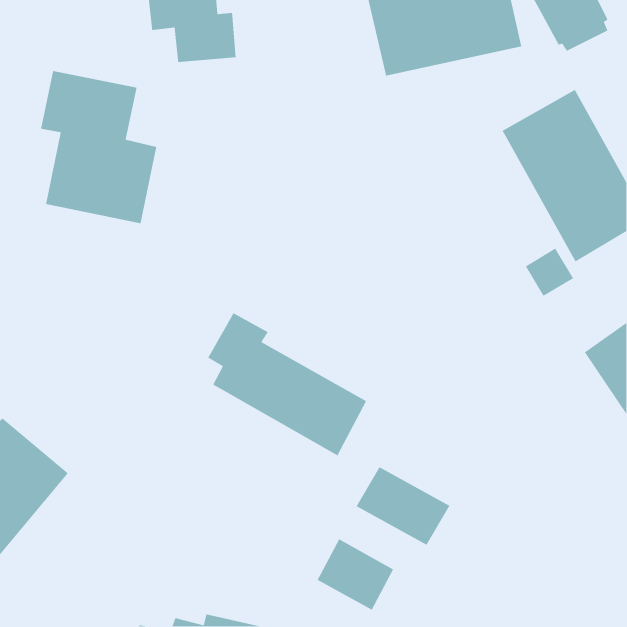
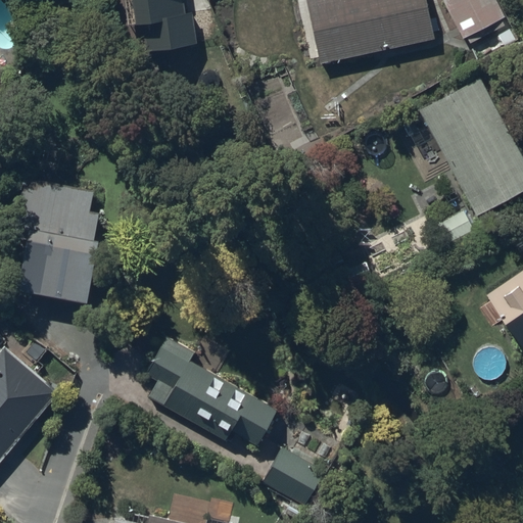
building: [40,70,157,224] -> [13,178,110,305]
building: [207,312,367,456] -> [144,334,277,454]
building: [356,466,451,546] -> none

